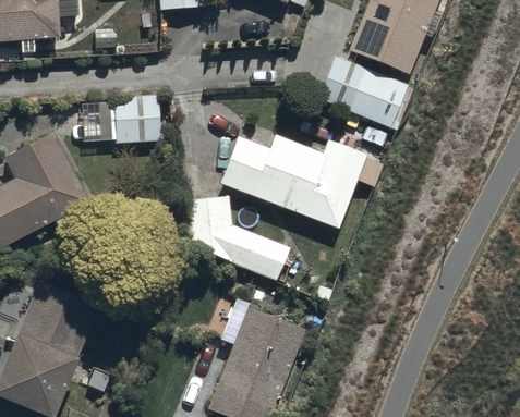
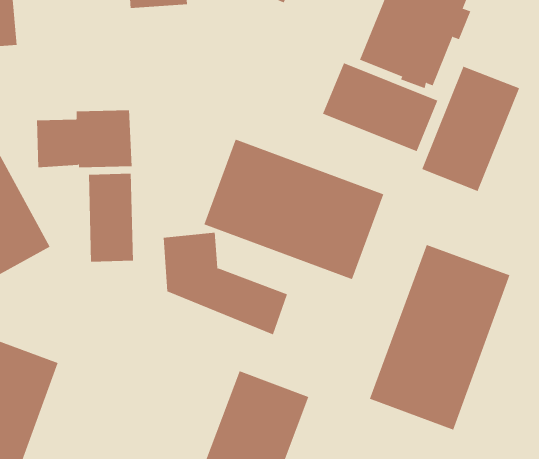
building: none -> [421,66,520,192]
building: none -> [88,173,133,263]
building: none -> [369,244,510,431]

